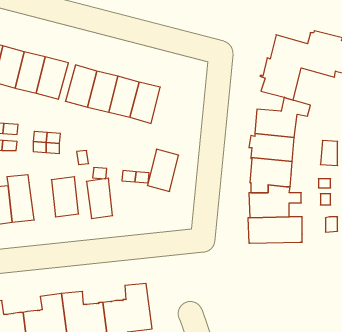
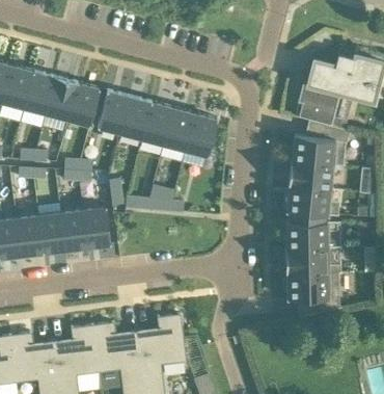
building: [147,149,179,191] -> [185,113,217,157]
building: [86,178,113,219] -> [59,209,86,251]
building: none -> [284,273,338,318]

